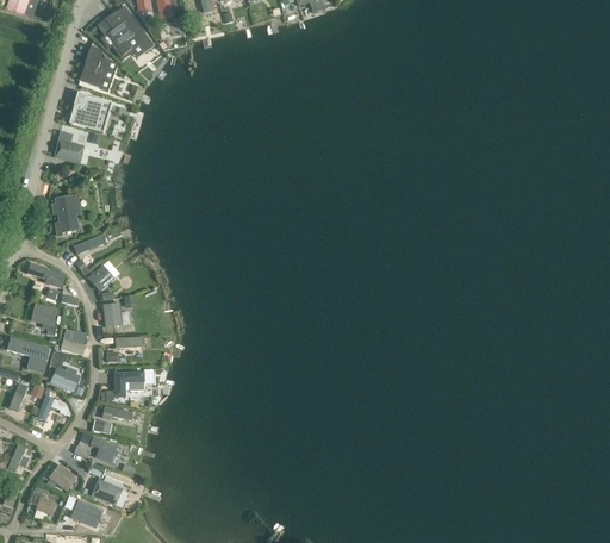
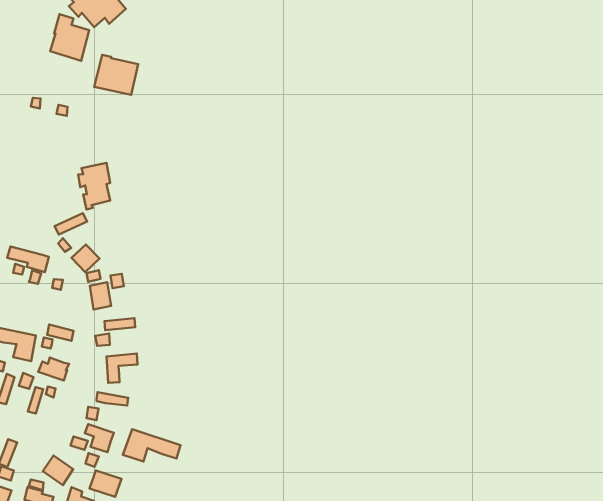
building: [68,92,111,131] -> [94,55,138,95]
building: [52,138,83,163] -> none
building: [50,193,80,236] -> [78,163,110,209]
building: [30,302,56,336] -> none
building: none -> [123,429,180,461]

